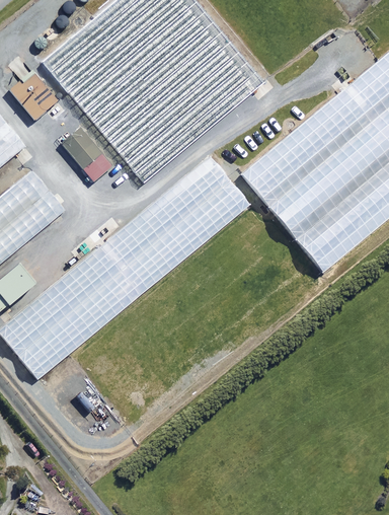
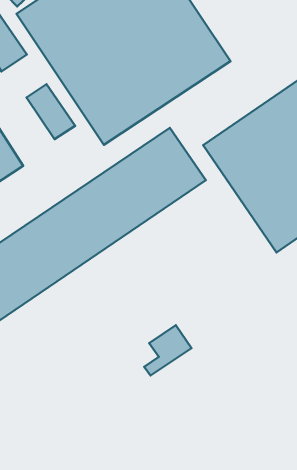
building: none -> [144,325,191,375]

